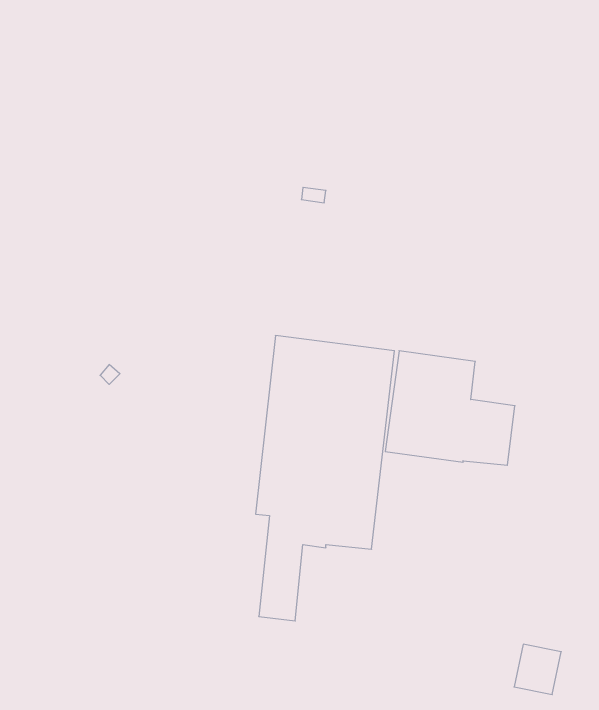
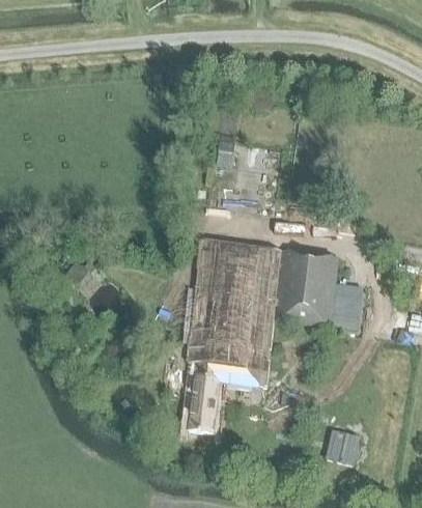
building: [514,644,561,695] -> [326,429,358,463]

